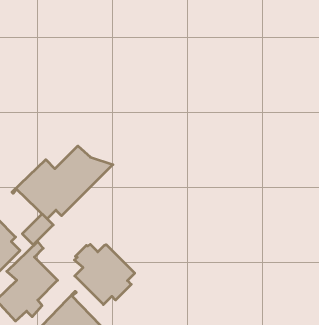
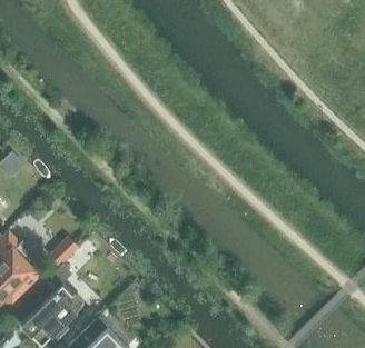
building: [12,146,113,219] -> none
building: [74,244,135,305] -> none

